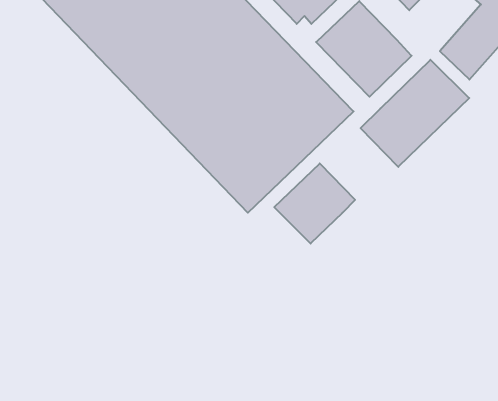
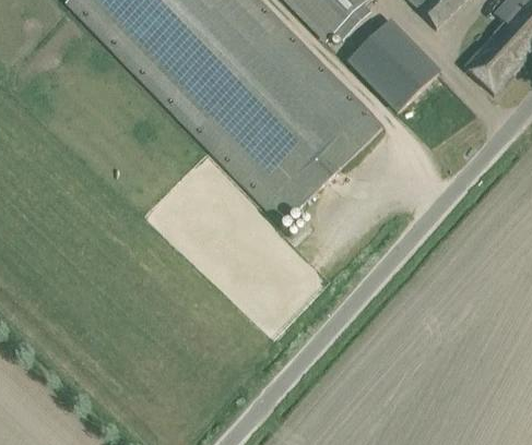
building: [361,60,469,167] -> none
building: [274,163,355,244] -> none

